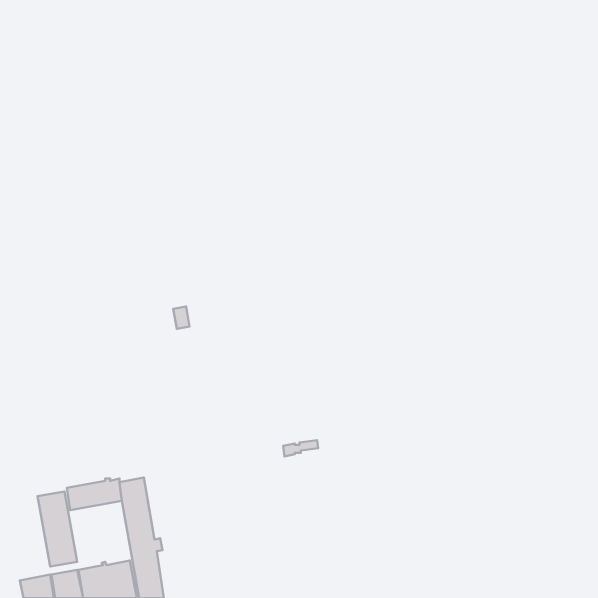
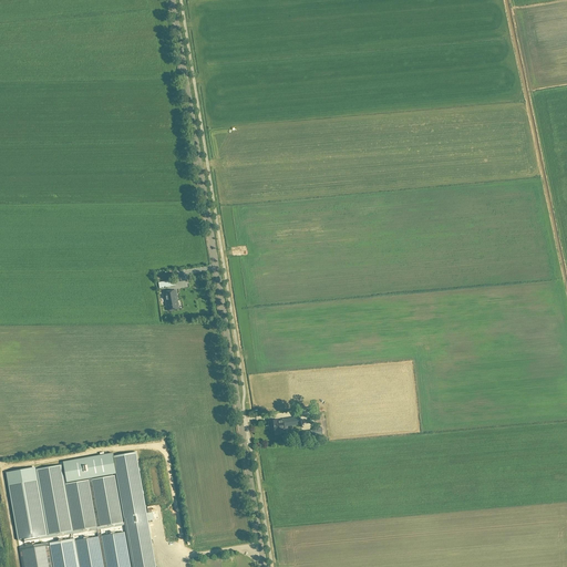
building: none -> [6,468,47,542]
building: none -> [65,475,122,533]

